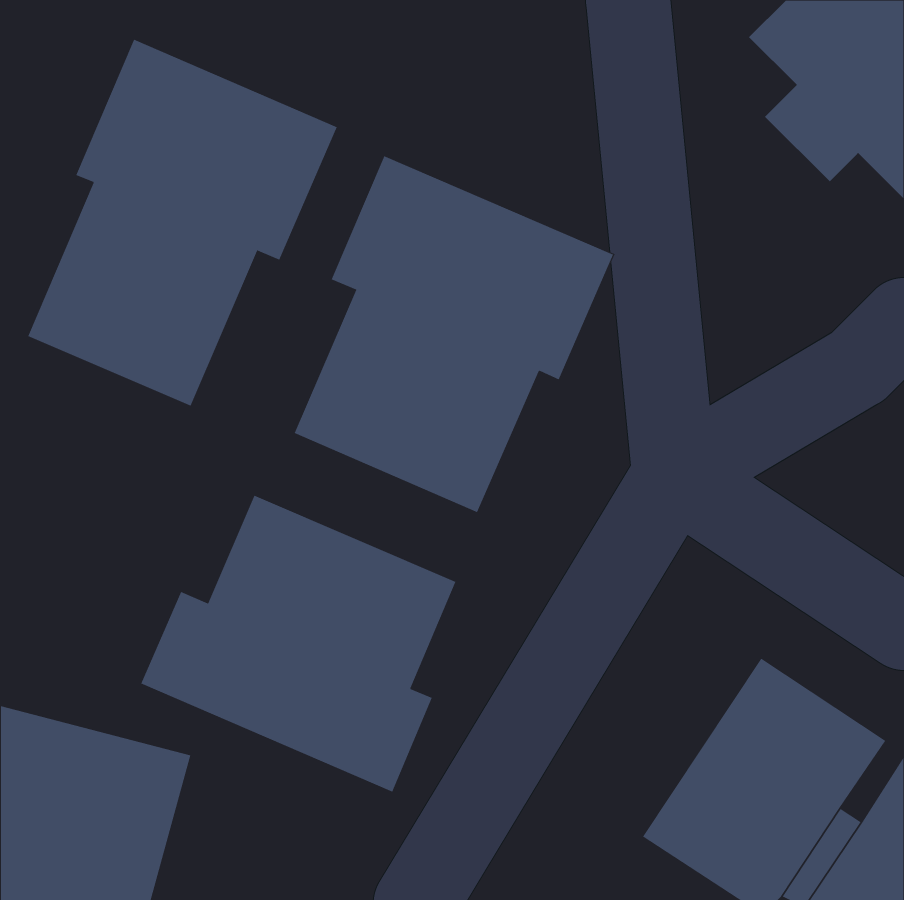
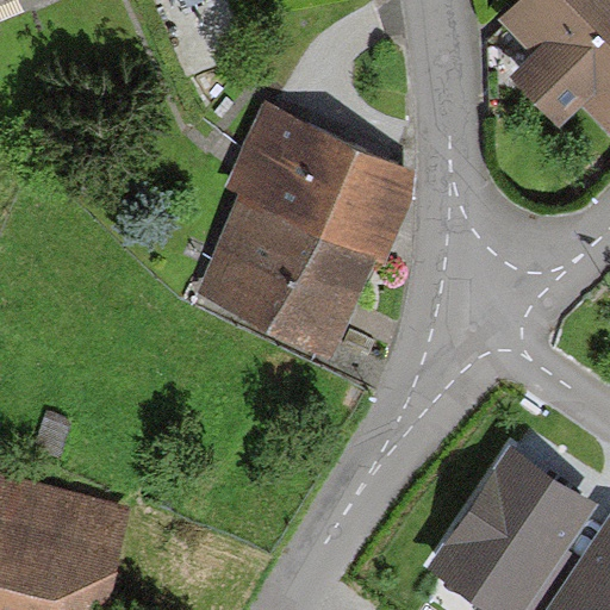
building: [28,39,338,406] -> none
building: [141,495,456,792] -> none

